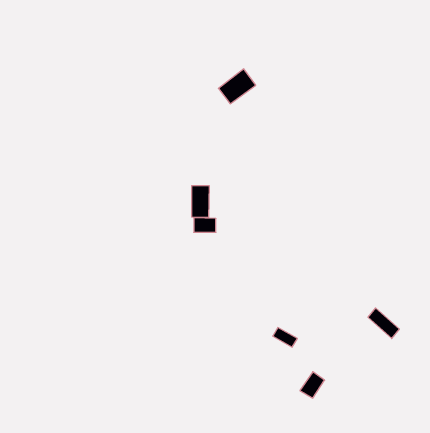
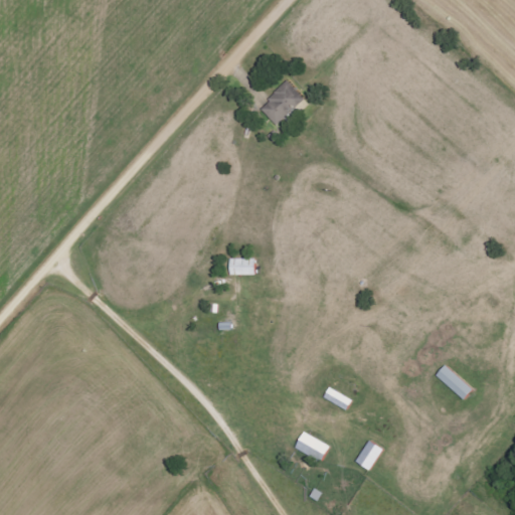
building: [192,186,209,218] -> none
building: none -> [295,432,330,463]

